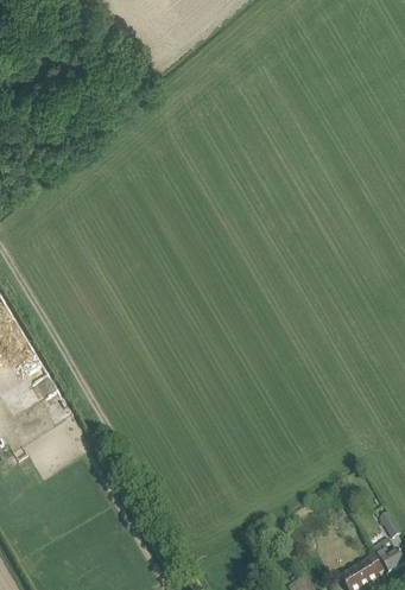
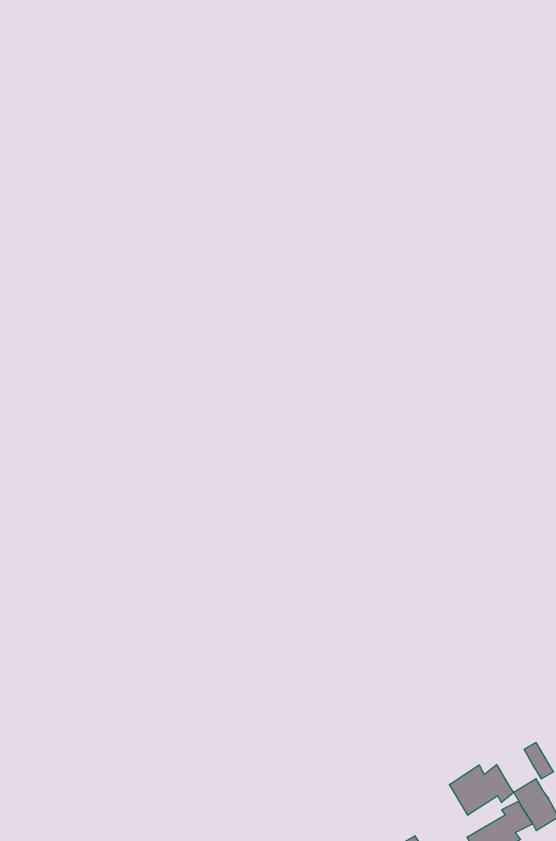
building: none -> [449,765,514,815]

